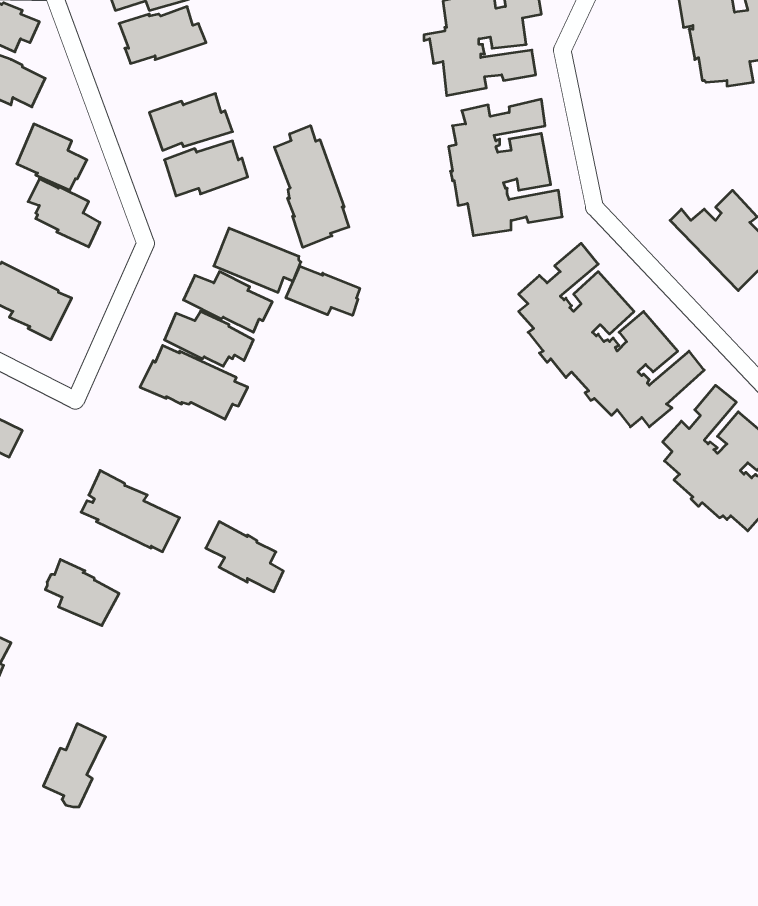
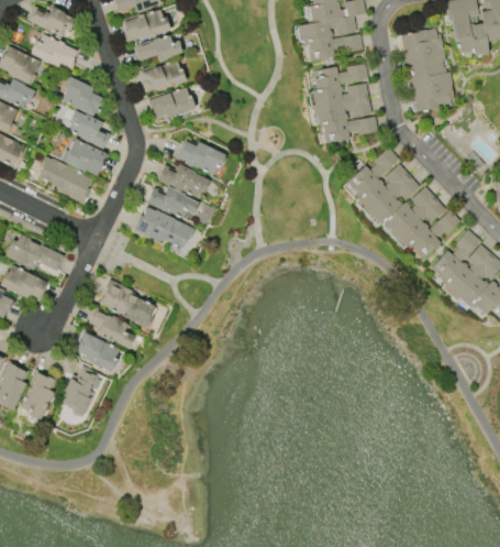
building: none -> [400,29,454,112]
building: none -> [135,36,182,63]
building: [274,126,349,247] -> none
building: none -> [65,140,107,176]
building: [286,266,360,315] -> none
building: [206,522,283,592] -> [89,308,134,349]
building: [43,724,106,807] -> [63,365,99,414]

